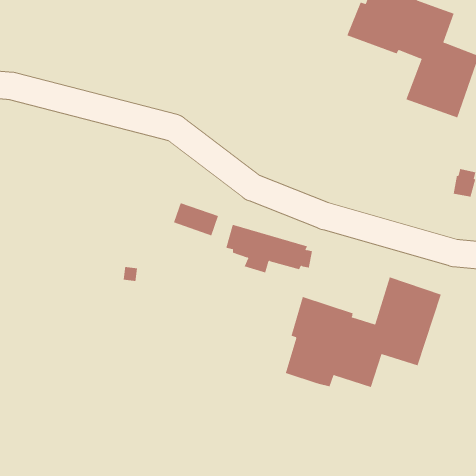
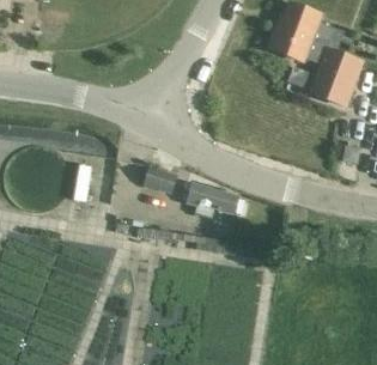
building: [285,276,442,388] -> none

